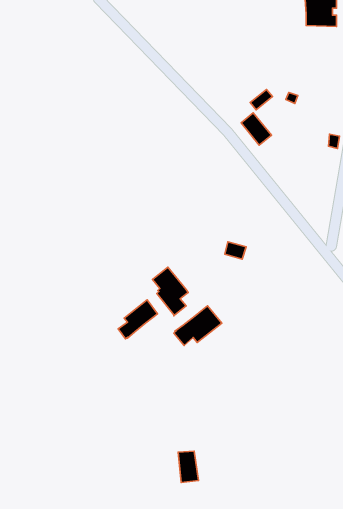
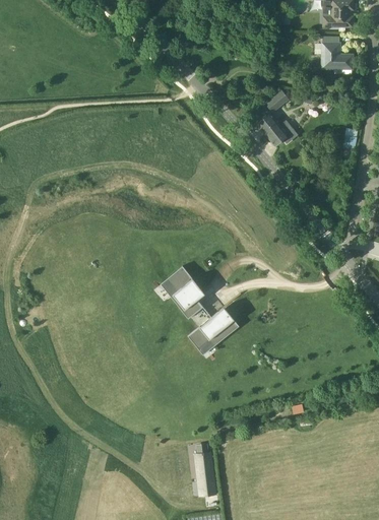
building: none -> [321,37,353,69]
building: [118,300,158,339] -> none

